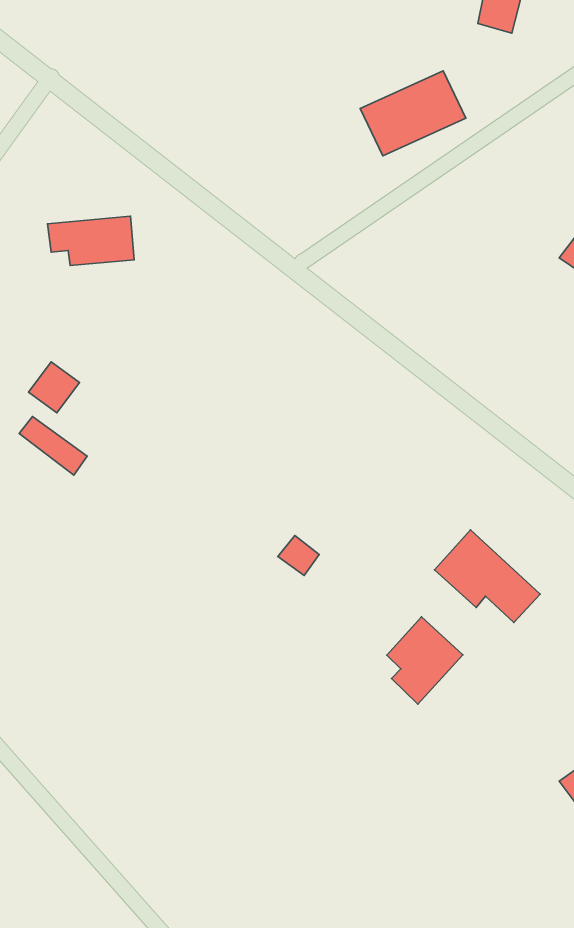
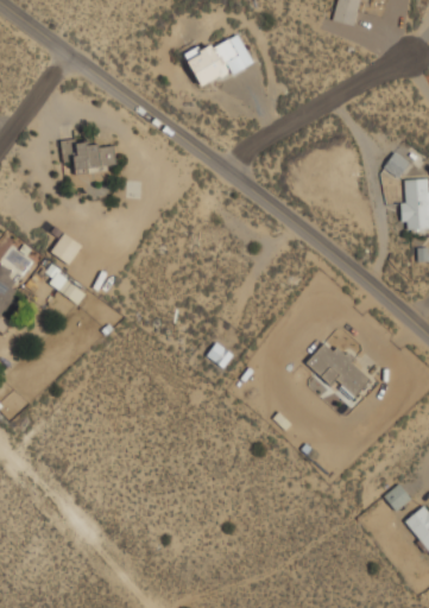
building: [360,71,466,156] -> [185,33,252,87]
building: [387,617,463,704] -> none

